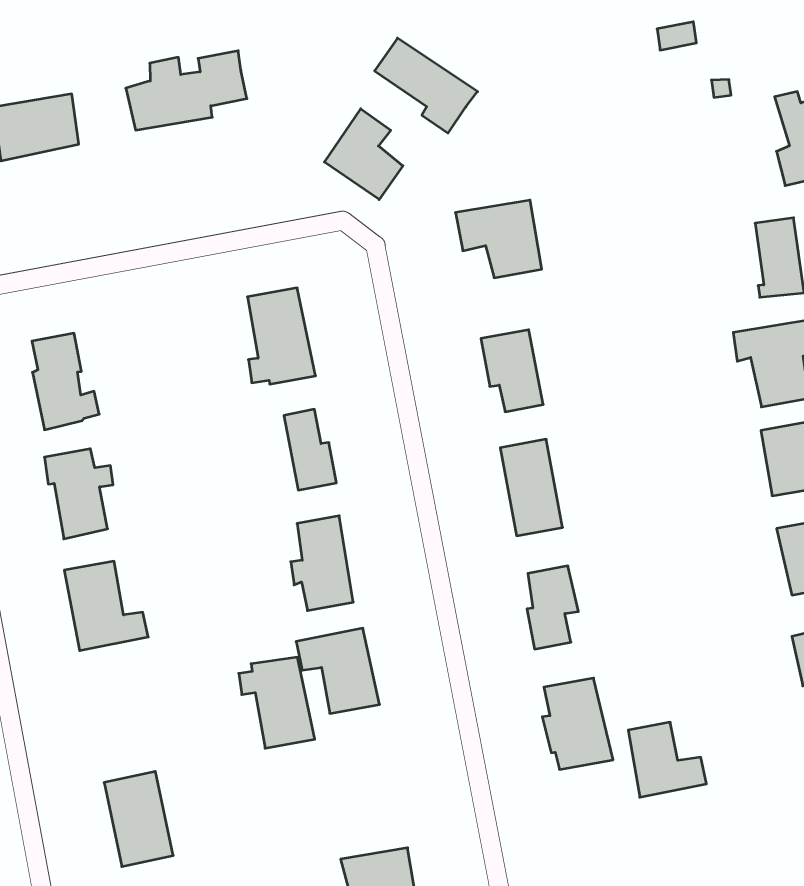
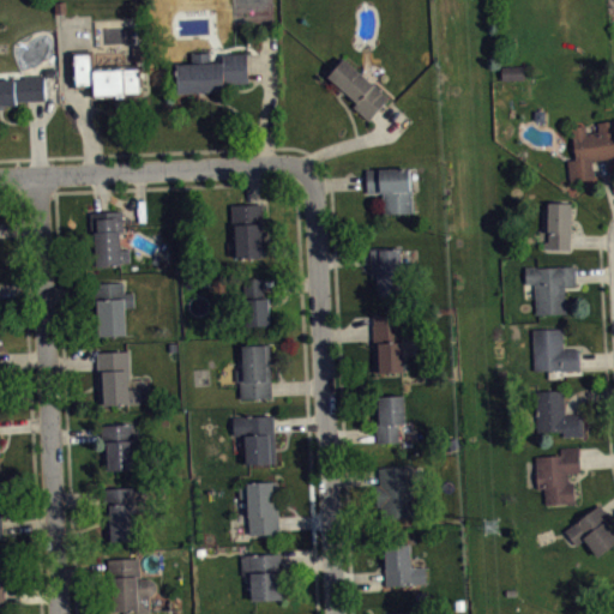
building: [324,109,403,200] -> none
building: [239,657,315,748] -> [239,483,279,536]
building: none -> [101,426,136,472]
building: [628,722,706,797] -> [384,544,427,588]

